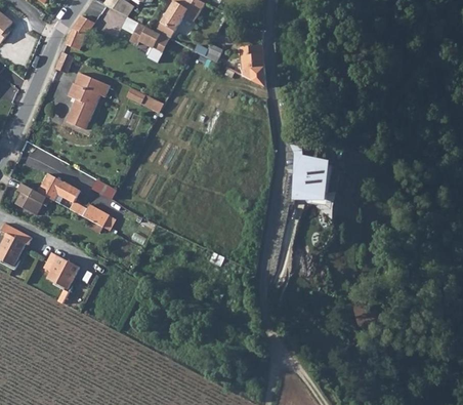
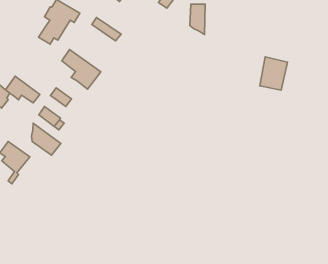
building: none -> [62,50,101,89]
building: [299,160,328,197] -> [260,57,287,90]
building: none -> [32,123,61,155]

